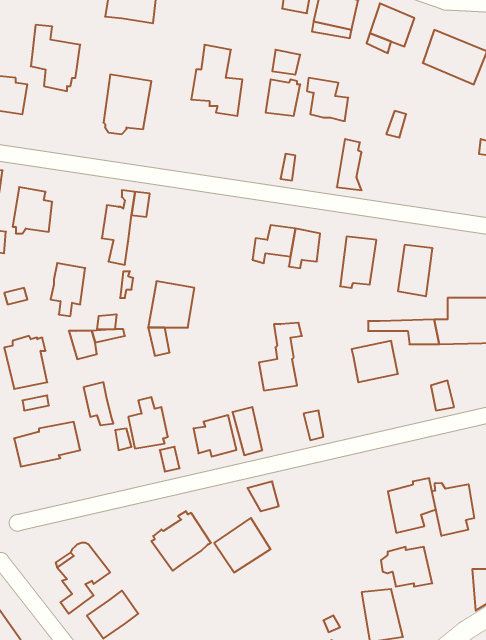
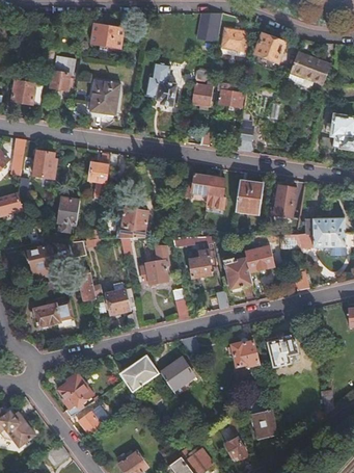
building: none -> [223,256,252,291]
building: [193,415,236,457] -> [138,259,165,285]
building: [432,483,474,536] -> none
building: [381,547,432,587] -> [226,340,258,365]

